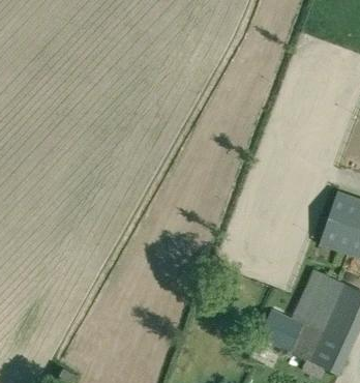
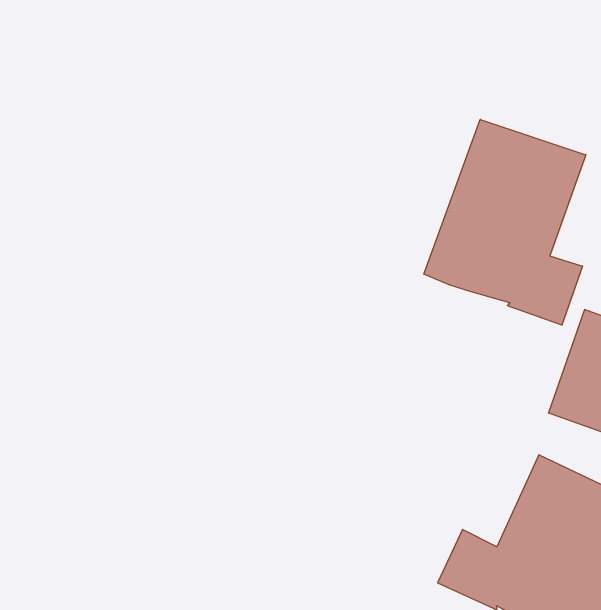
building: none -> [424,119,586,325]

